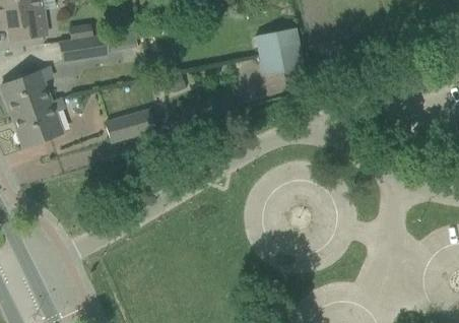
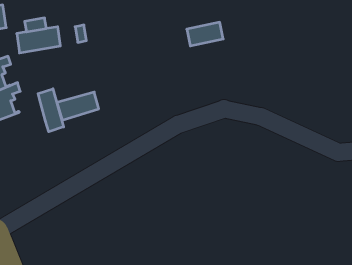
building: [260,48,303,75] -> none
building: none -> [38,89,64,132]

